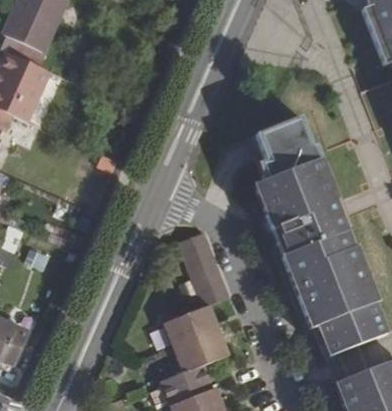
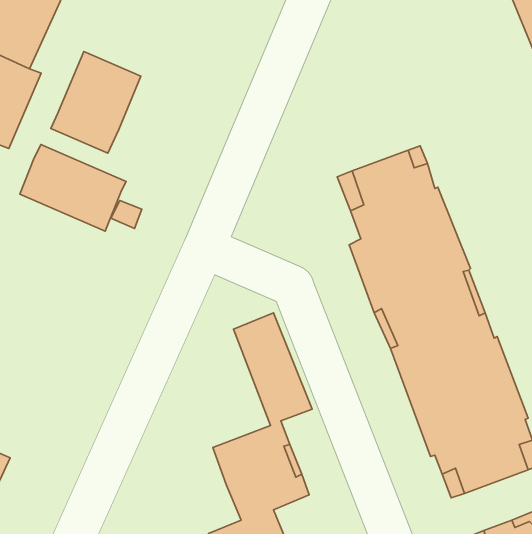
building: none -> [51,51,141,153]
building: none -> [20,145,126,231]

